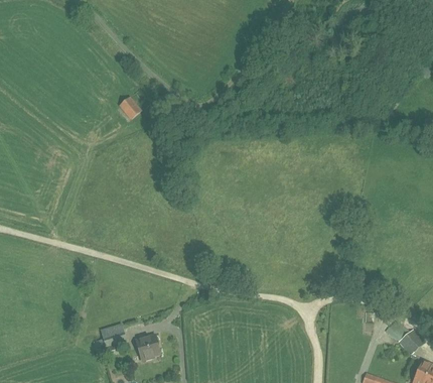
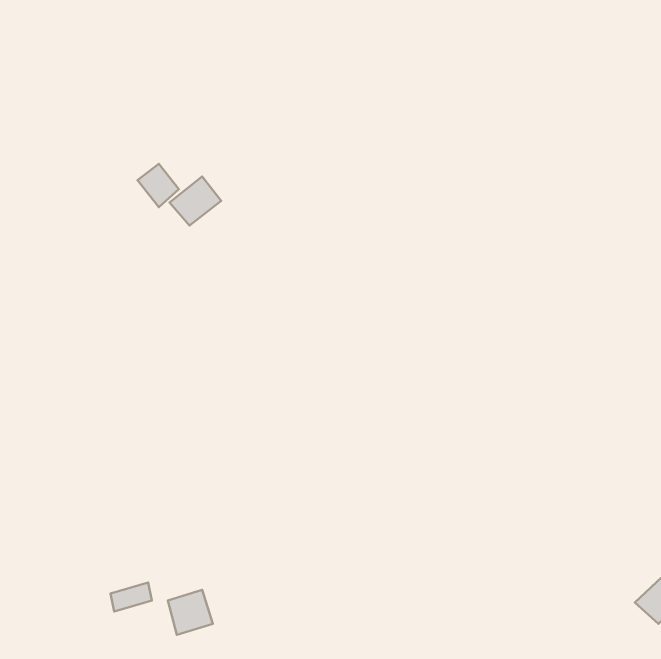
building: none -> [169,176,221,226]

